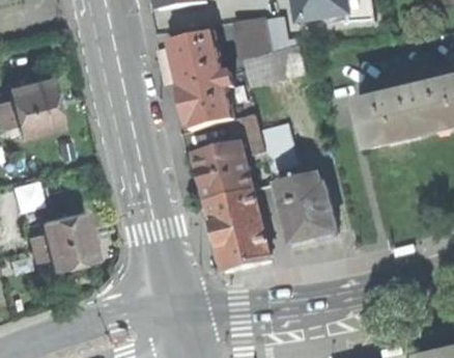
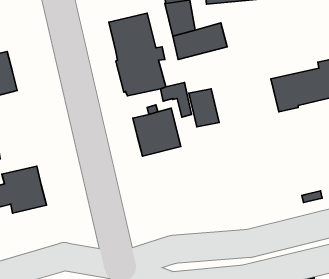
building: [274,172,335,243] -> none
building: [205,188,267,271] -> none

